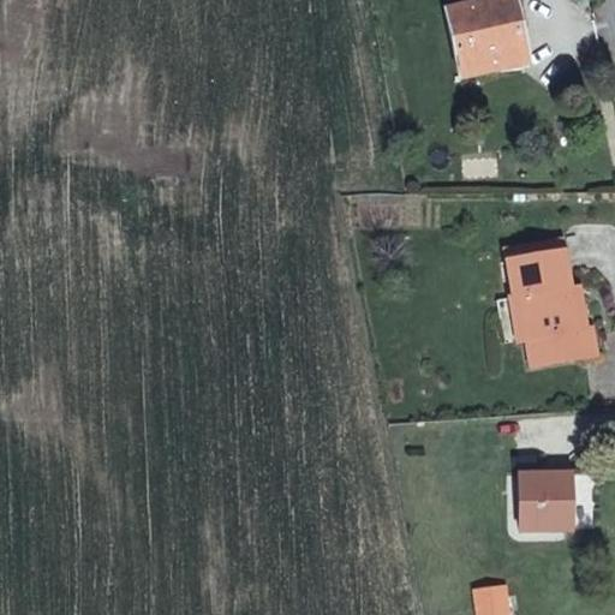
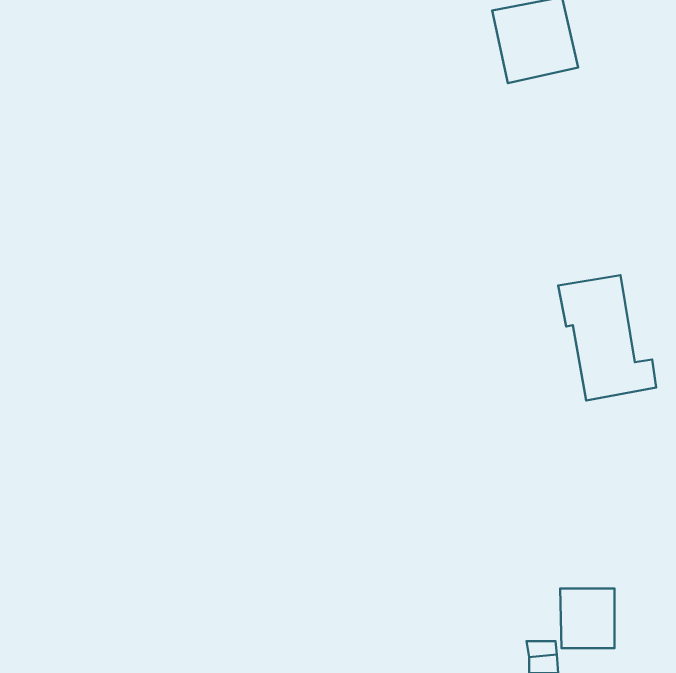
building: [520,473,569,527] -> [560,589,614,648]

